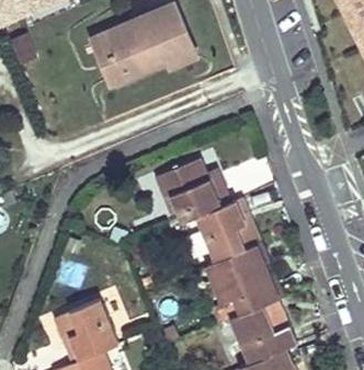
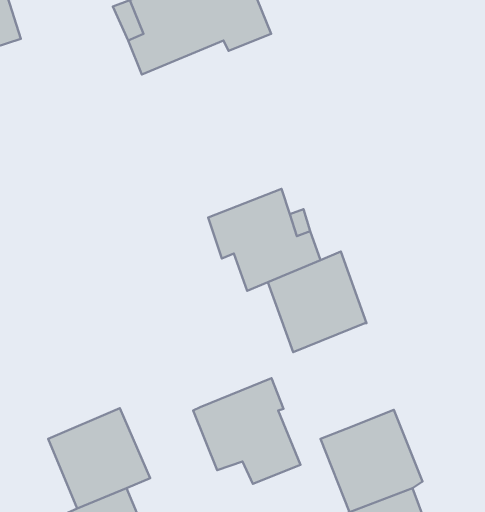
building: [207,242,276,310] -> [193,378,300,484]

